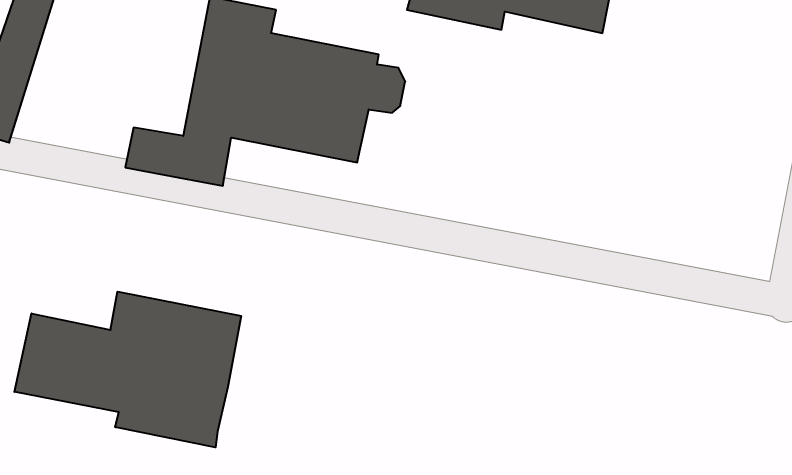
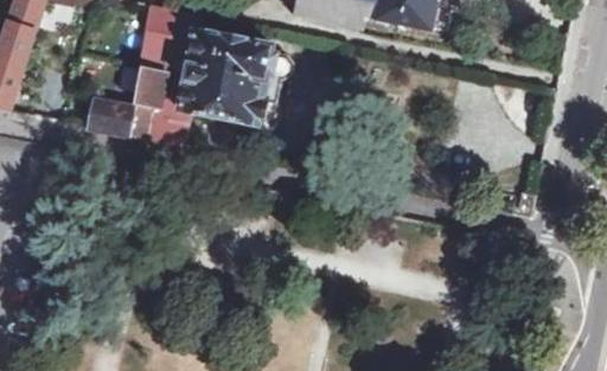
building: [14,292,241,447] -> none

